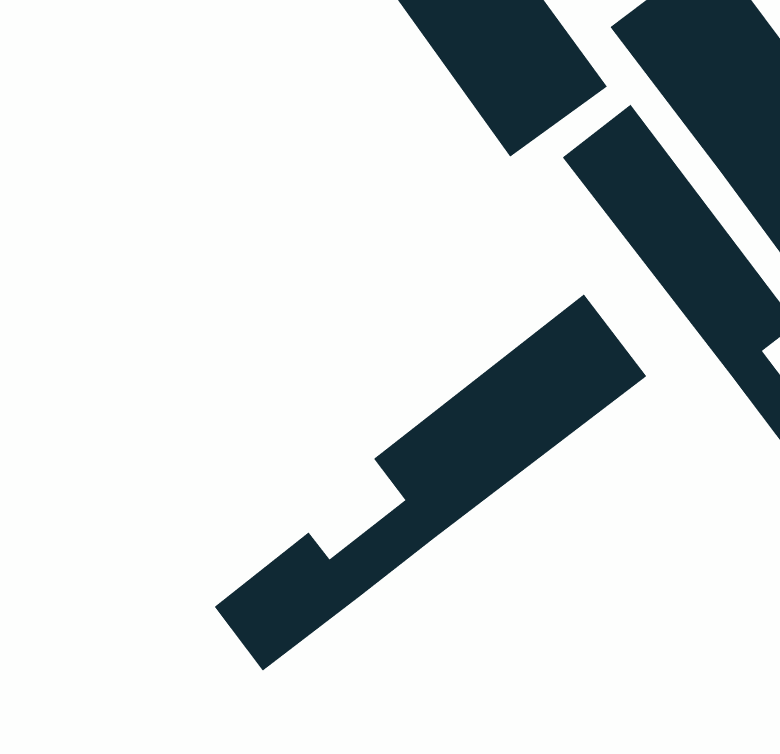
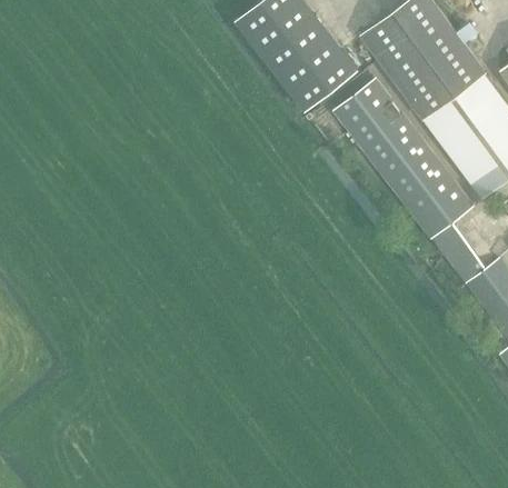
building: [214,294,647,671] -> none

